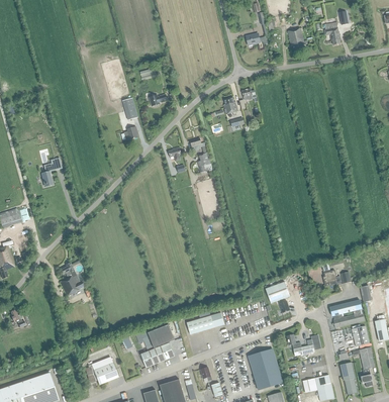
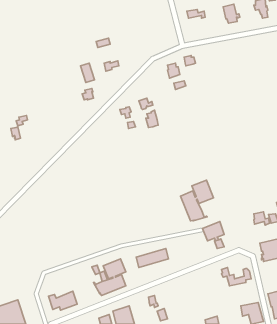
building: none -> [181,180,213,221]
building: [60,263,84,296] -> none
building: [249,348,282,390] -> none

